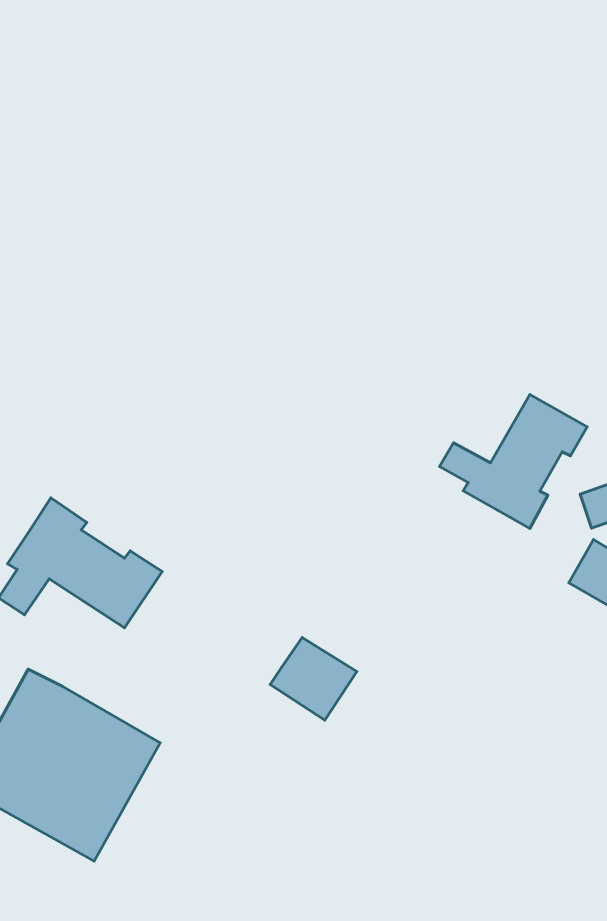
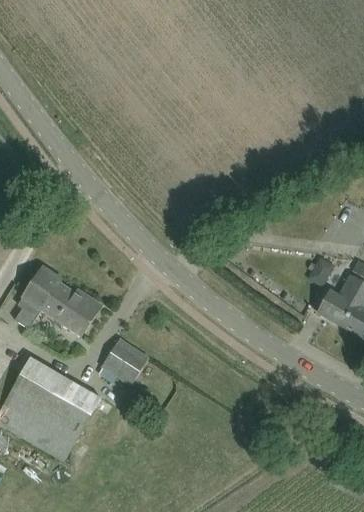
building: [440,395,587,529] -> none
building: [270,637,357,720] -> [101,339,147,383]

